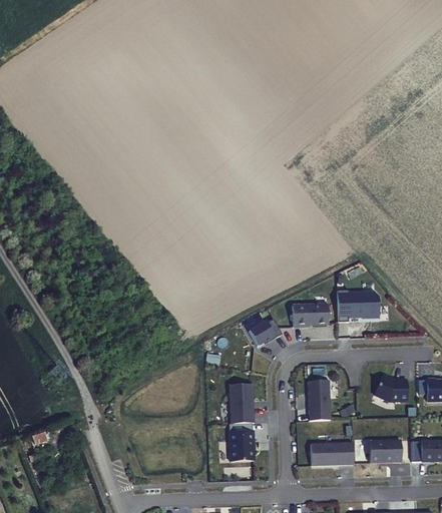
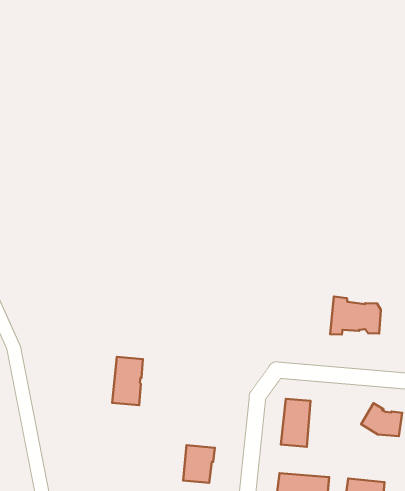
building: [292,304,328,326] -> none
building: [249,319,282,346] -> none
building: [230,384,254,424] -> [112,357,143,405]

